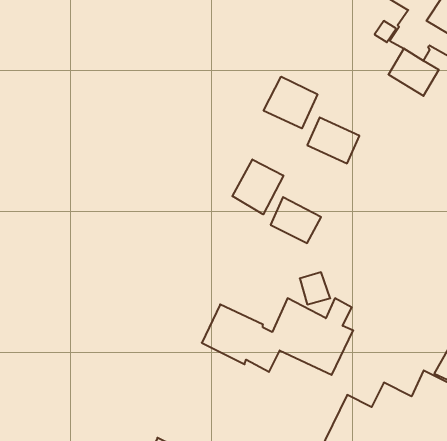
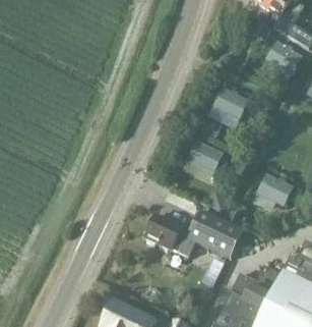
building: [264,77,317,128] -> none
building: [232,159,283,214] -> none
building: none -> [253,173,294,211]

